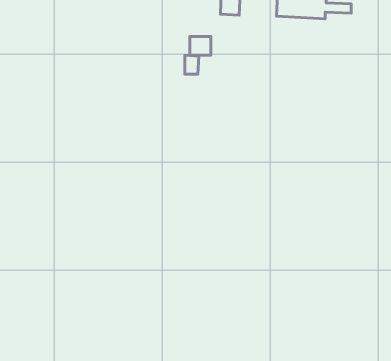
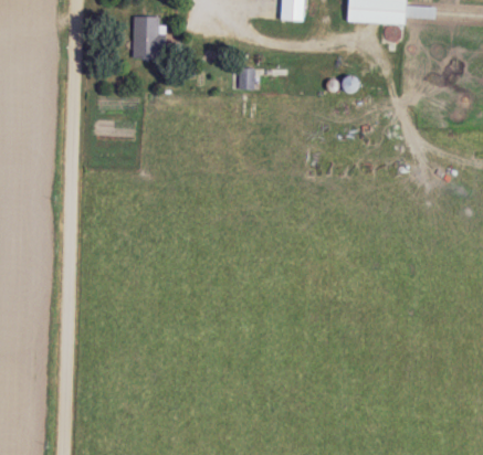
building: none -> [133,15,167,56]
building: [190,36,211,55] -> none

